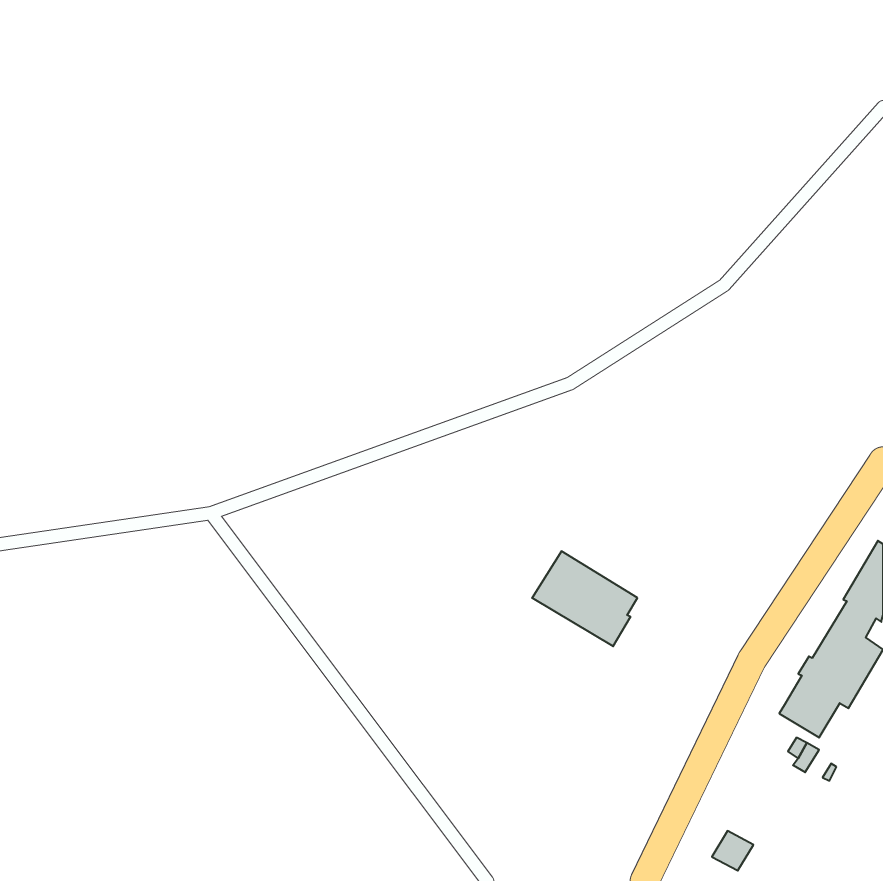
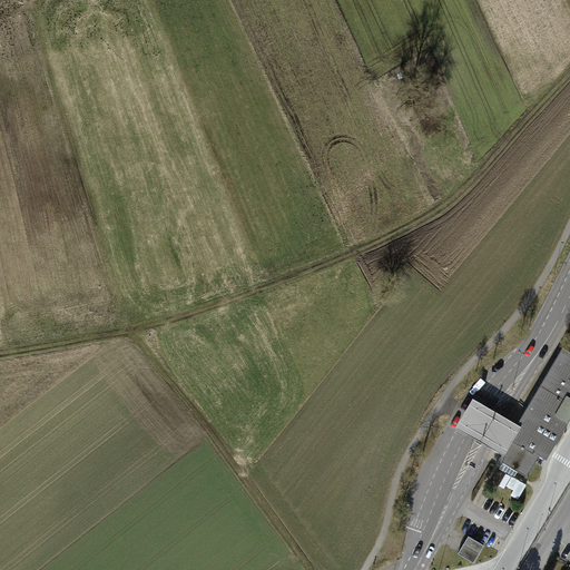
building: [532,551,637,646] -> [453,393,521,454]

